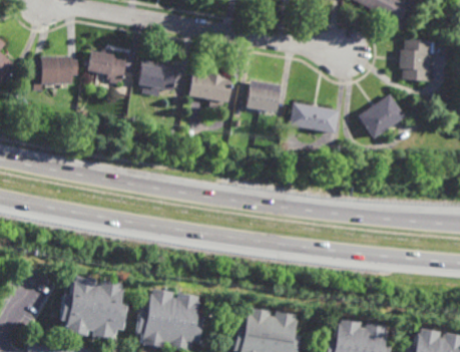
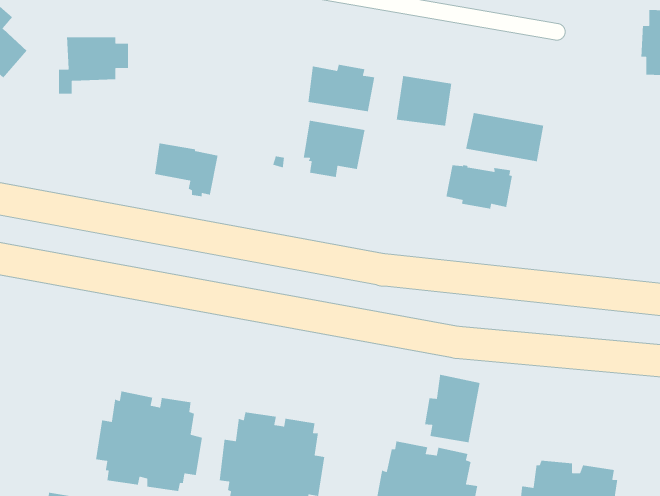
building: [90,50,130,84] -> [154,142,218,197]
building: [141,60,180,96] -> [303,120,366,178]
building: [360,93,407,138] -> none
building: none -> [446,164,513,209]
building: none -> [424,374,480,443]

